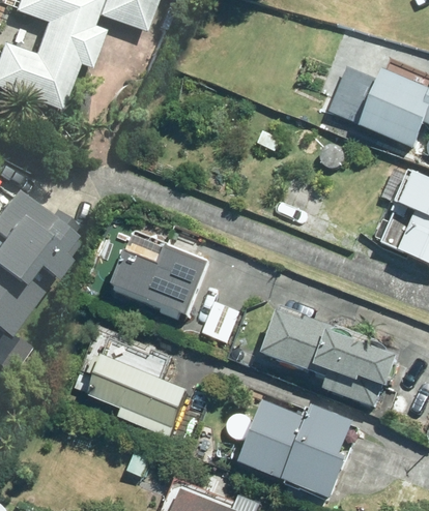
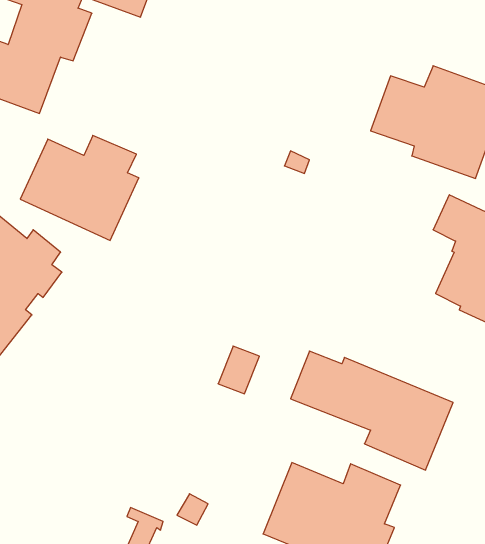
building: [116,226,214,312] -> [20,135,139,240]
building: [91,342,189,440] -> none

